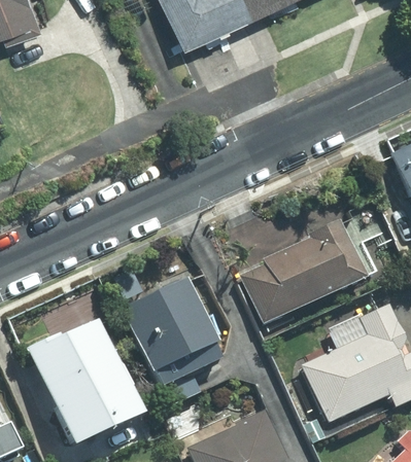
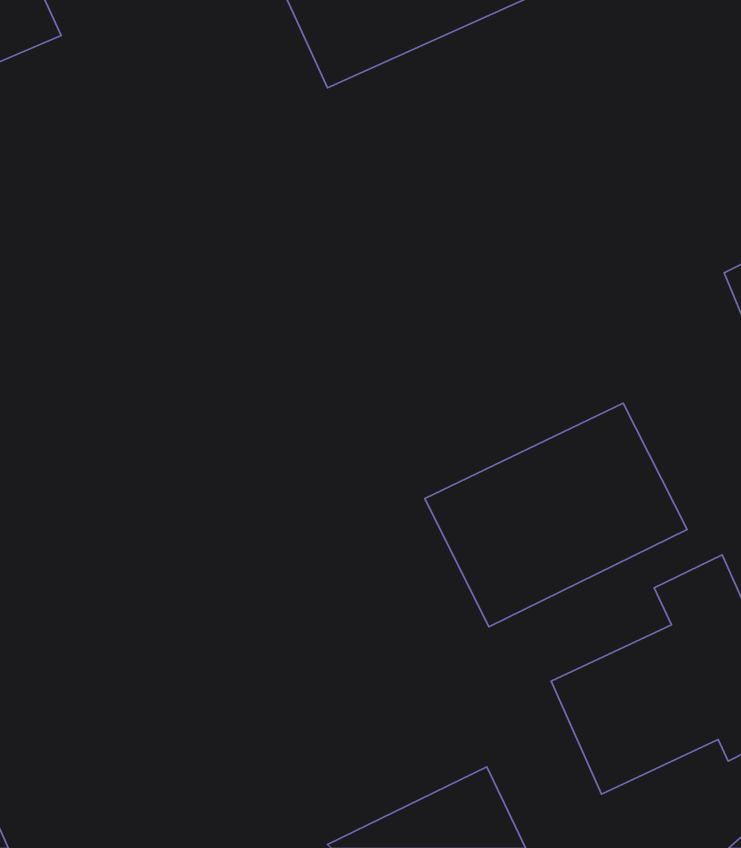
building: [125,282,221,385] -> none
building: [27,317,143,445] -> none

